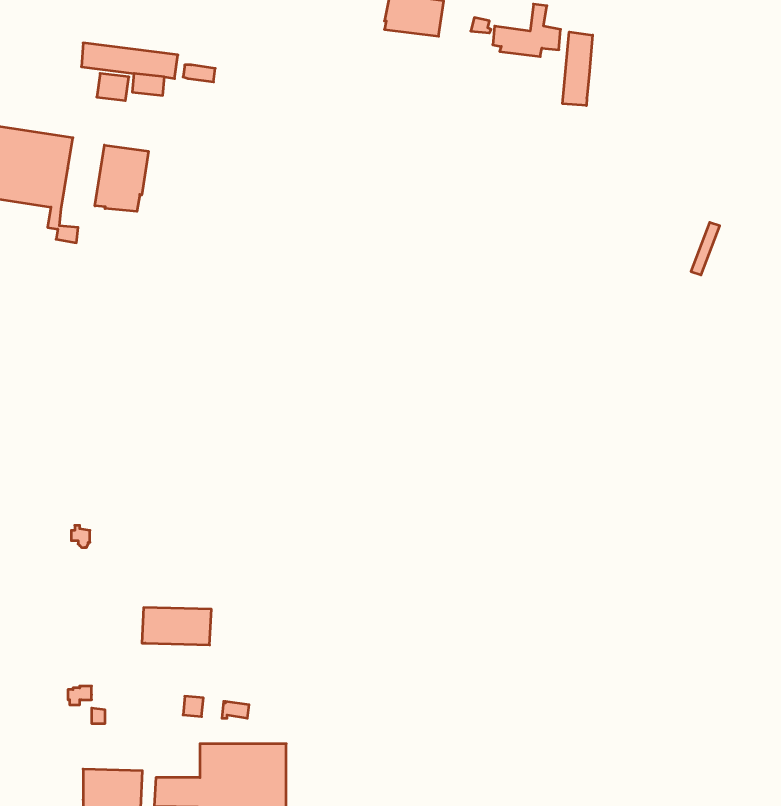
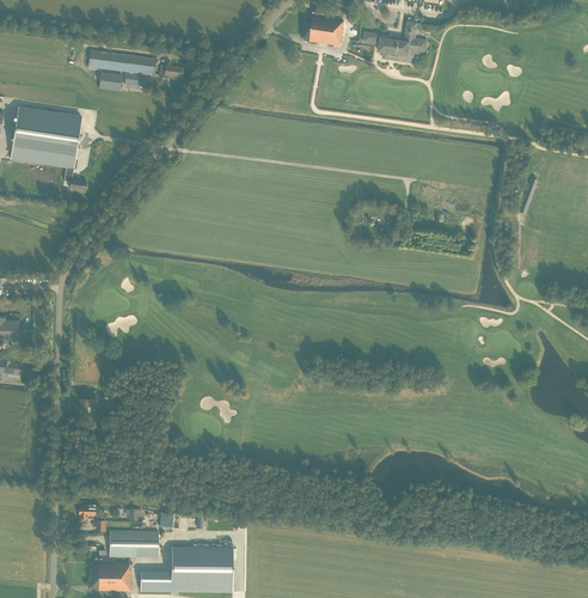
building: [563,32,593,106] -> none
building: [95,145,148,211] -> none
building: [142,608,211,645] -> [109,531,158,557]

